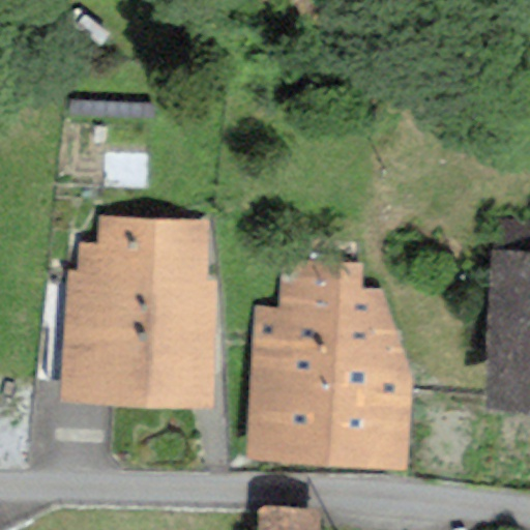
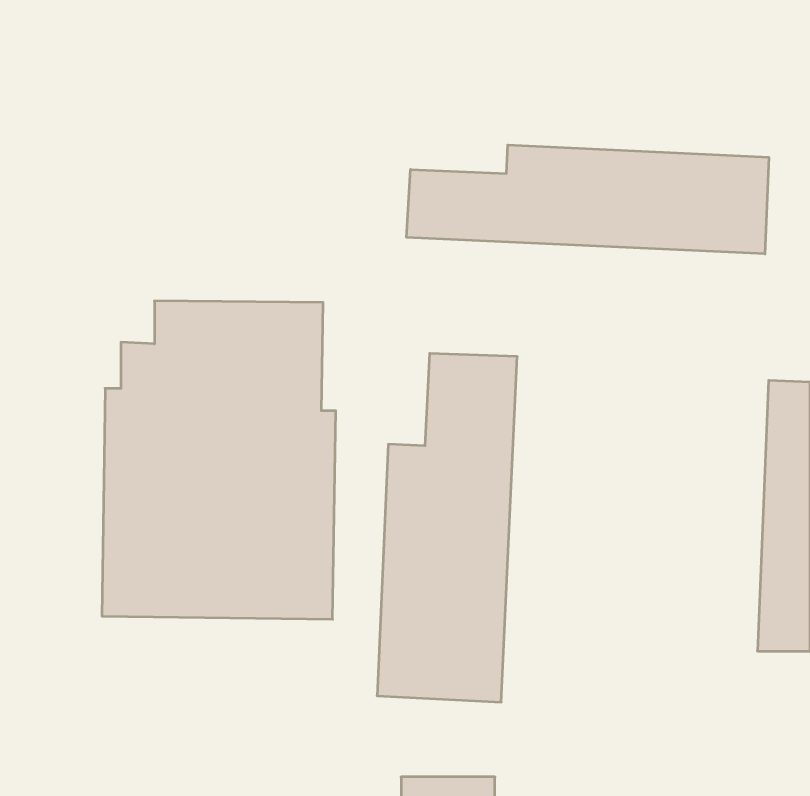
building: none -> [407,145,769,254]
building: [326,243,415,472] -> none

